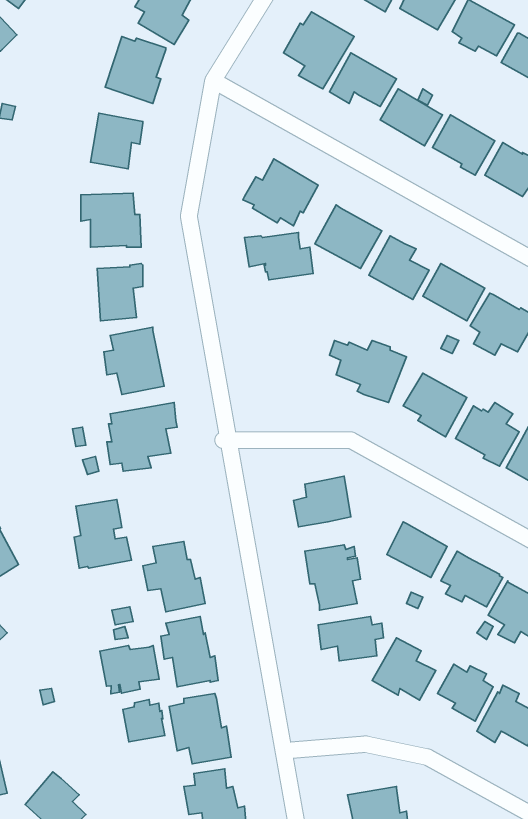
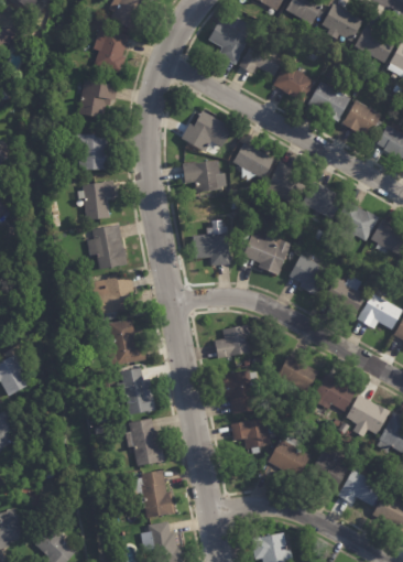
building: none -> [193,220,229,264]
building: [74,500,132,568] -> [107,318,145,365]
building: [100,645,159,694] -> none
building: [123,700,165,742] -> none

